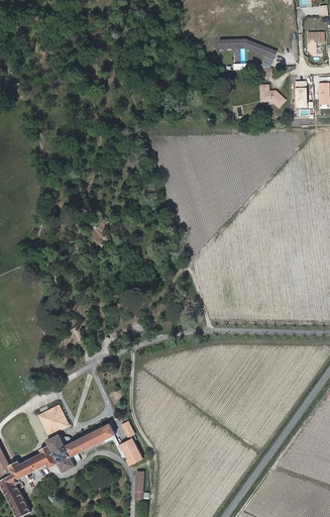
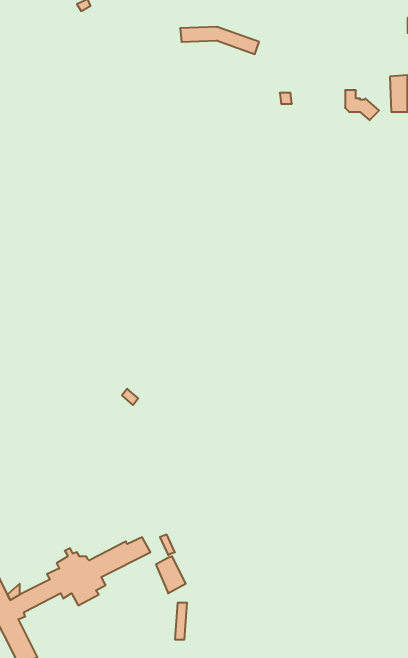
building: [217,38,276,59] -> [180,27,259,54]
building: [40,406,67,431] -> none

